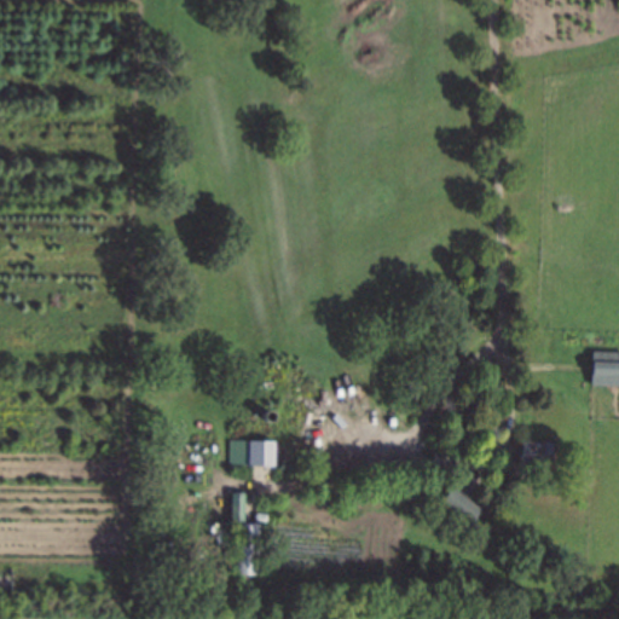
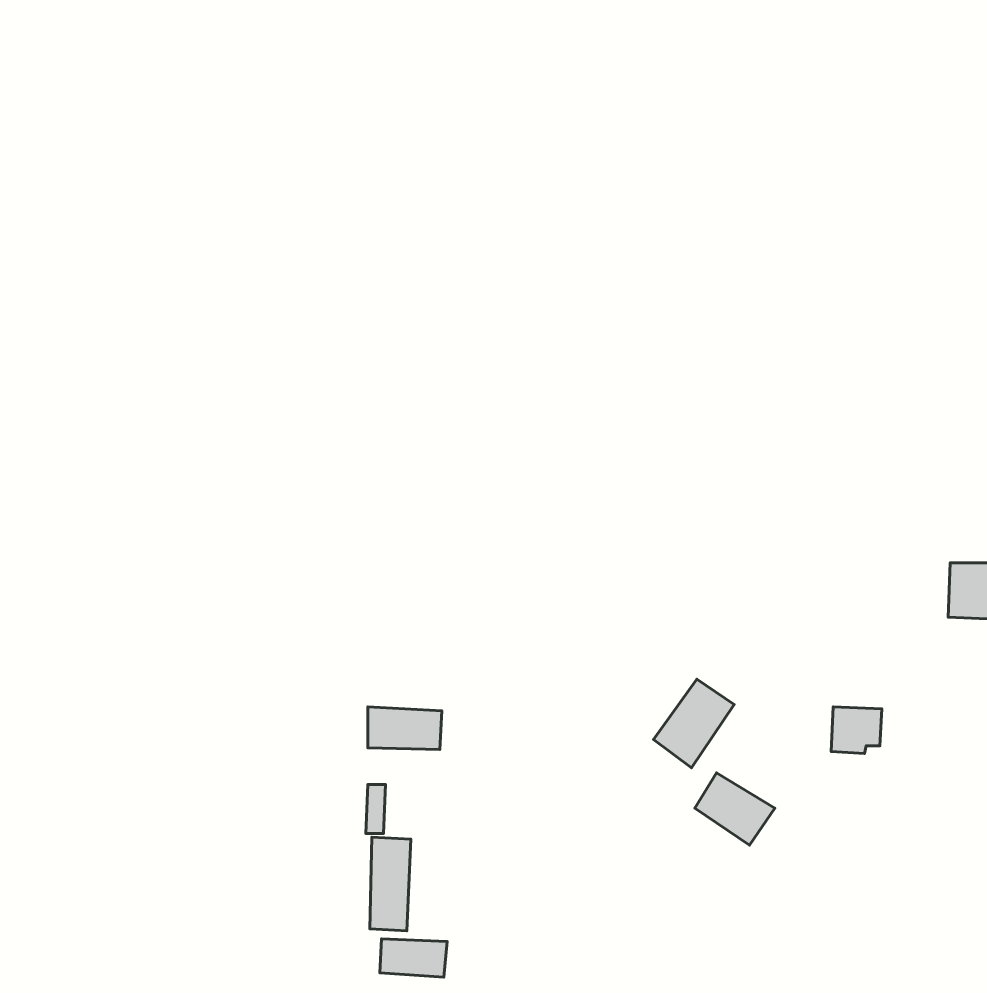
building: none -> [653,679,734,768]
building: none -> [380,939,447,977]

